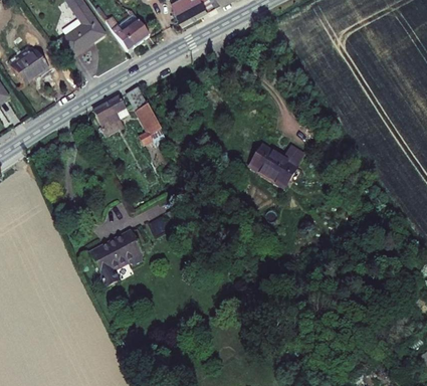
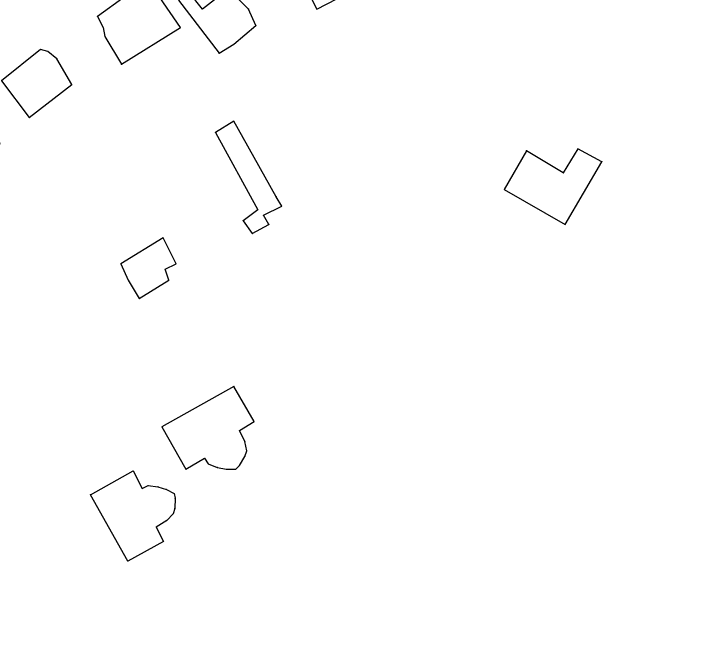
building: [93,98,124,131] -> [121,238,176,299]
building: [251,141,304,182] -> [504,149,602,224]
building: none -> [90,471,175,561]

